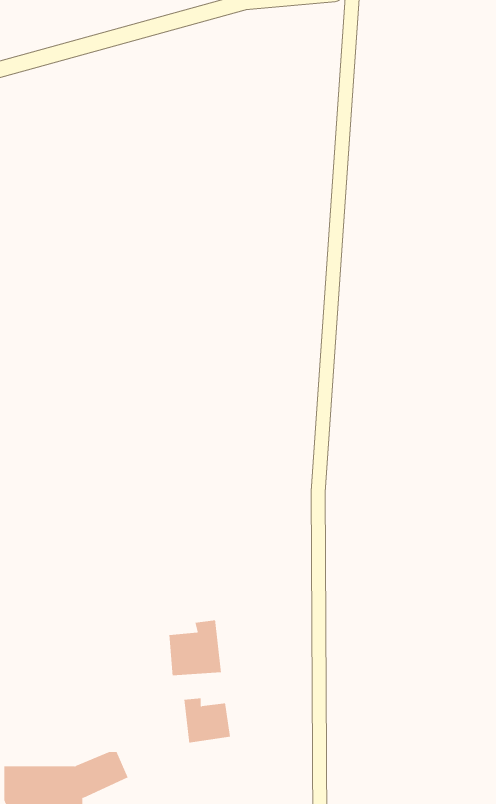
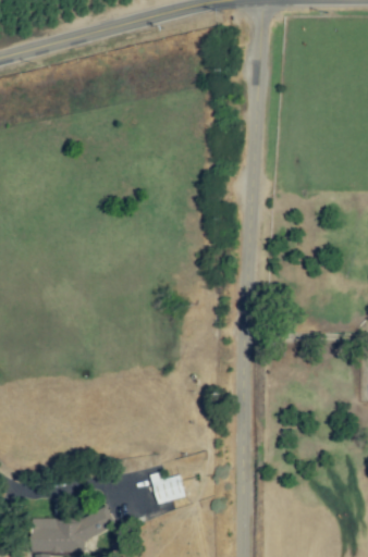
building: [169,620,221,676] -> none

